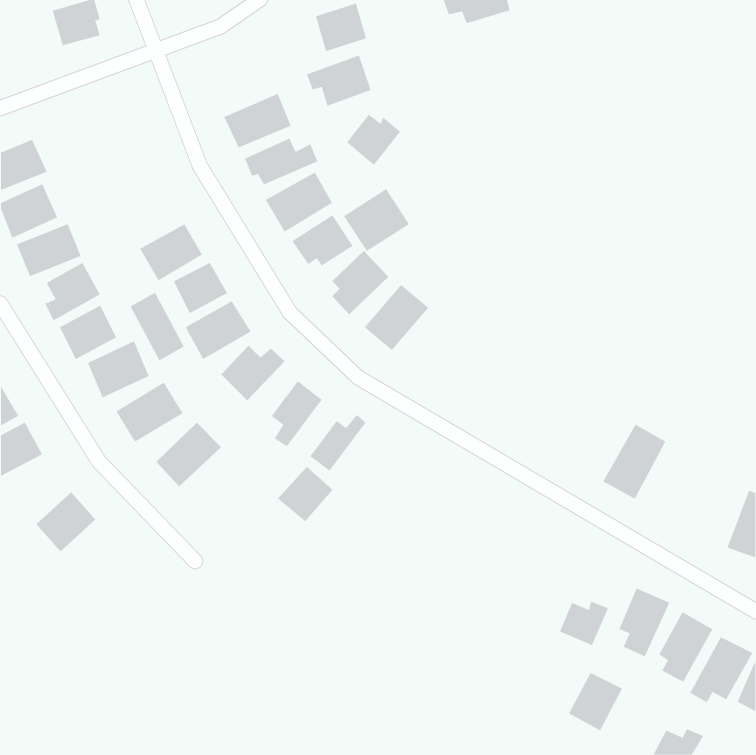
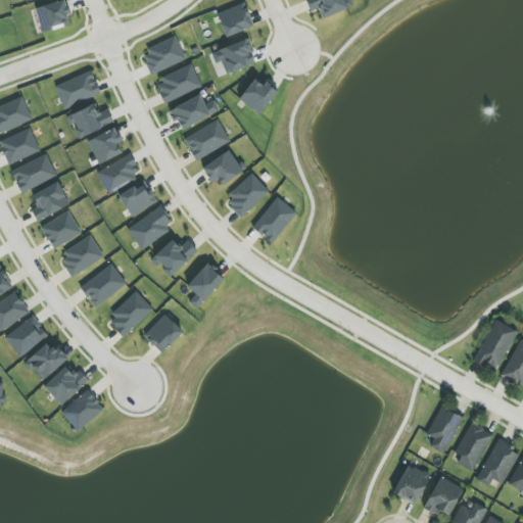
building: none -> [141,36,186,75]
building: none -> [54,69,101,108]
building: none -> [65,103,114,138]
building: none -> [88,127,123,163]
building: [343,188,410,252] -> none
building: [130,292,185,361] -> none
building: [310,414,366,471] -> none
building: [603,424,666,499] -> [473,319,517,371]
building: none -> [5,316,48,355]
building: [277,466,333,522] -> [143,314,182,352]
building: none -> [44,362,88,405]
building: none -> [61,389,104,430]
building: [559,601,609,646] -> none
building: none -> [424,476,462,515]

